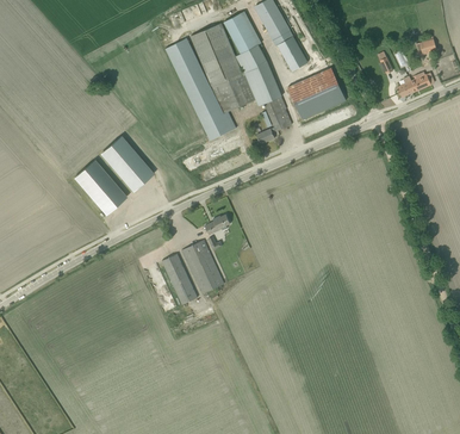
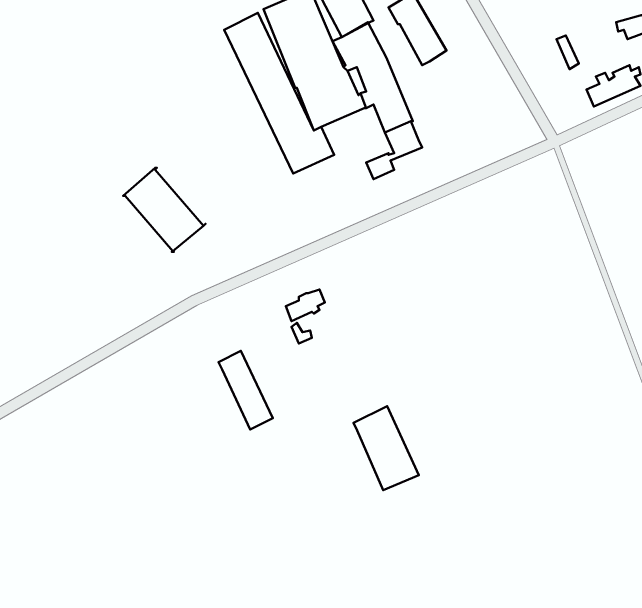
building: [287,69,344,120] -> none
building: [74,160,126,215] -> none
building: [182,240,224,293] -> [353,406,419,490]

